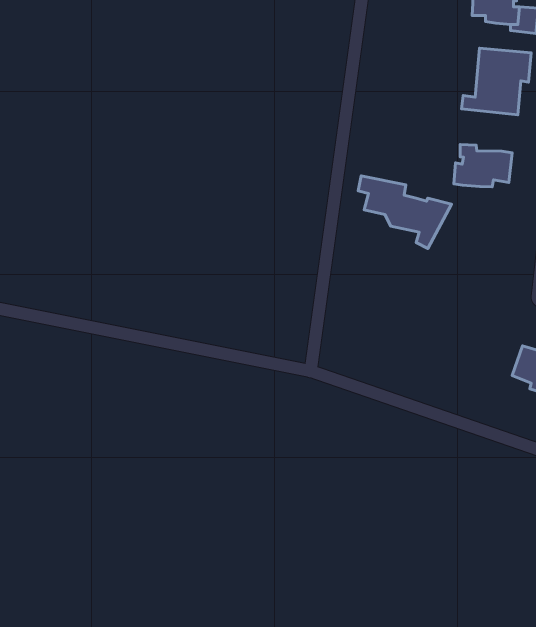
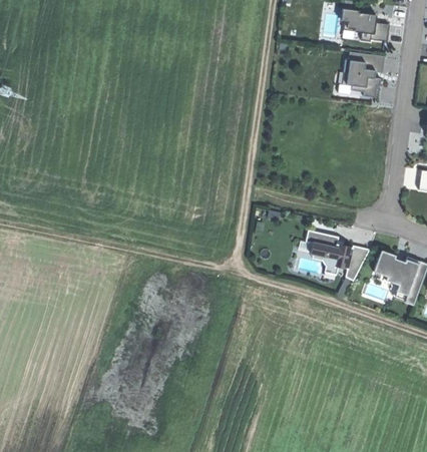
building: [454,144,512,187] -> none
building: [358,176,452,248] -> [306,232,369,281]

